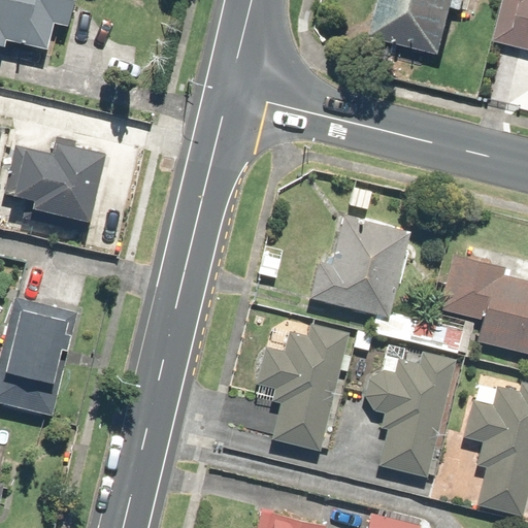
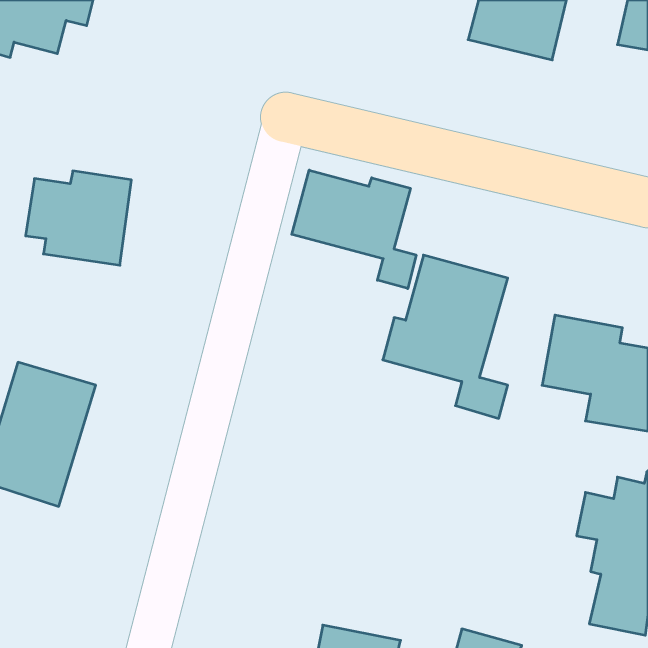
building: none -> [292,170,416,289]
building: [259,328,346,451] -> none
building: [365,350,454,477] -> none

